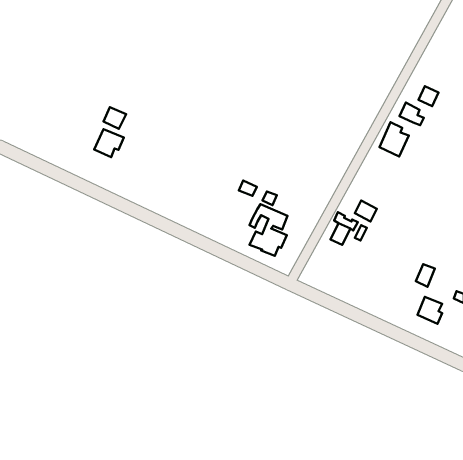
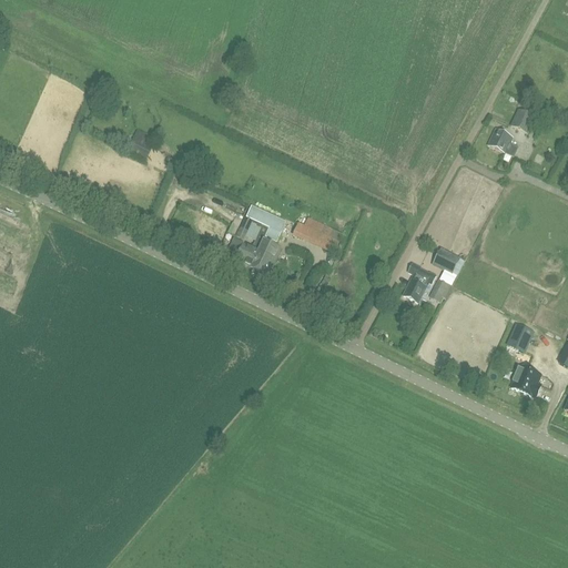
building: [380,122,409,157] -> none
building: [94,129,124,157] -> none
building: [249,204,288,256] -> [237,207,284,271]

